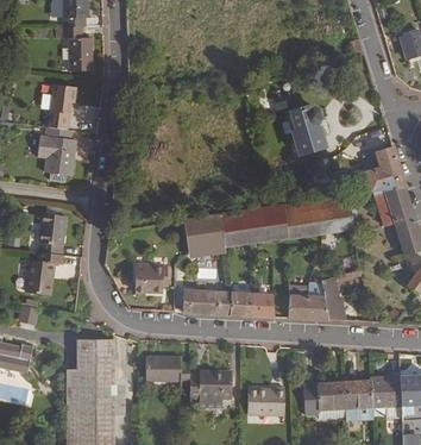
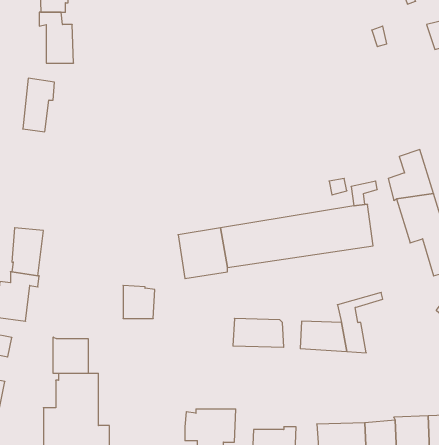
building: [288,102,326,155] -> none
building: [37,127,75,176] -> none
building: [182,289,231,315] -> none
building: none -> [53,337,88,373]
building: [144,356,189,386] -> none

